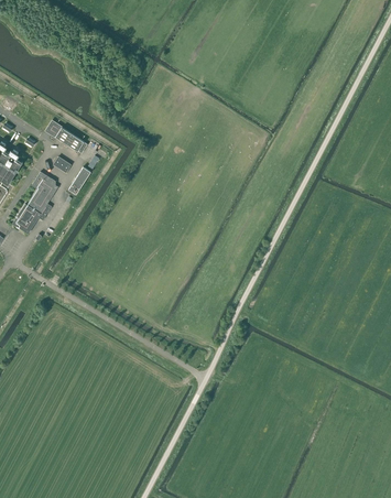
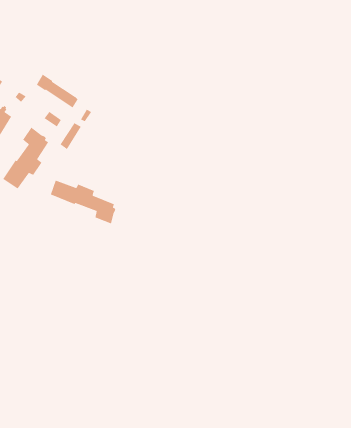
building: none -> [50,179,116,225]

